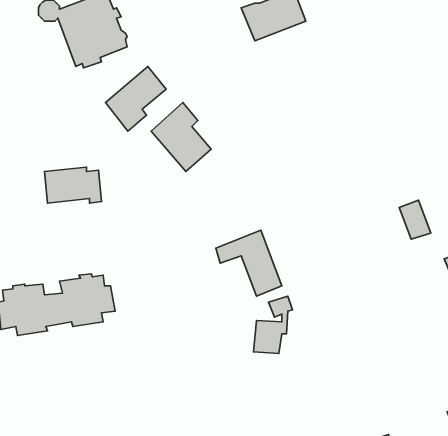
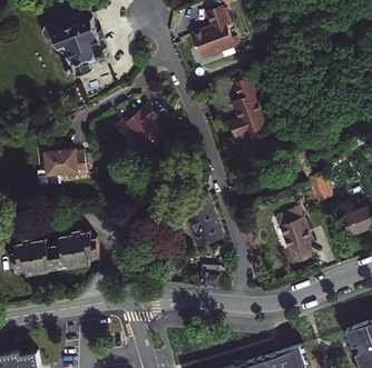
building: none -> [227,73,266,139]
building: [105,67,166,131] -> none
building: none -> [276,208,312,263]

